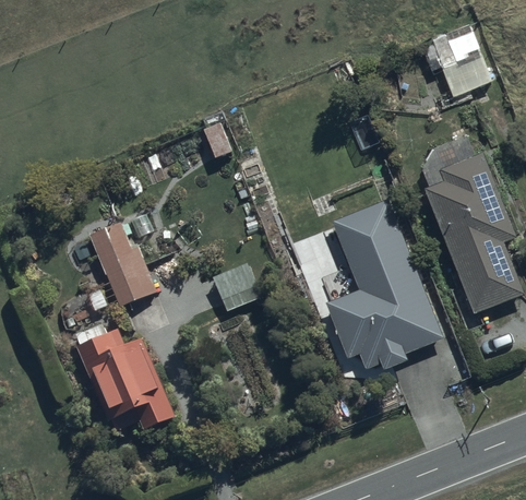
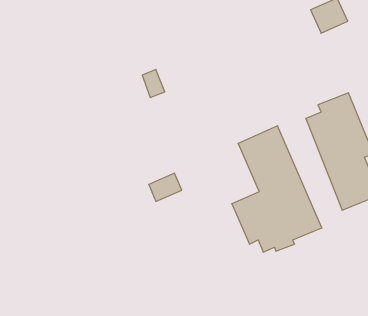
building: [91,223,176,307] -> none
building: [74,324,174,430] -> none

